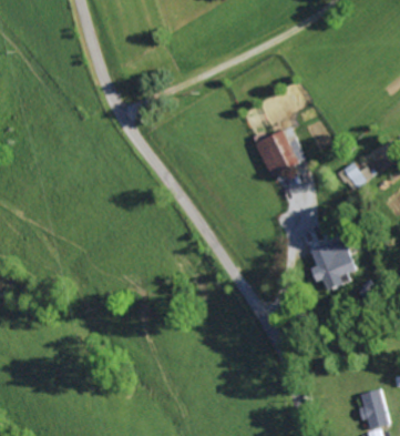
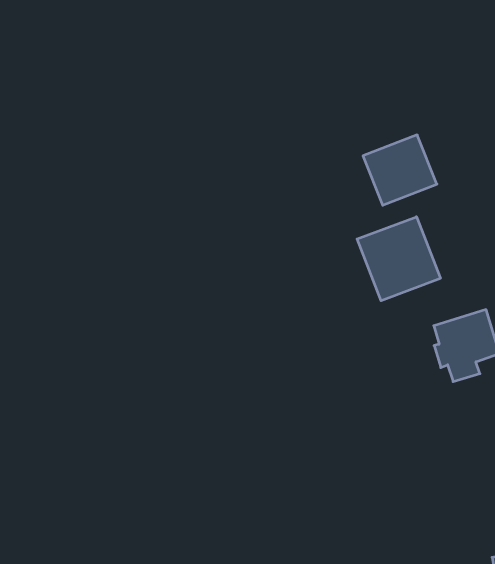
building: none -> [357,217,440,301]

